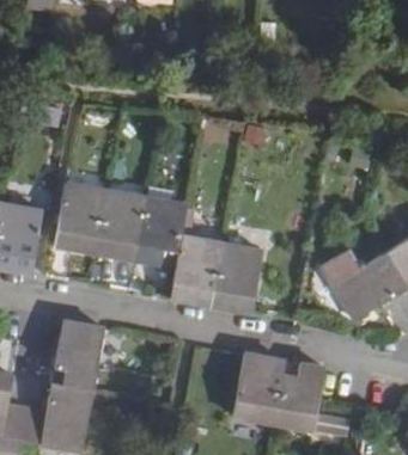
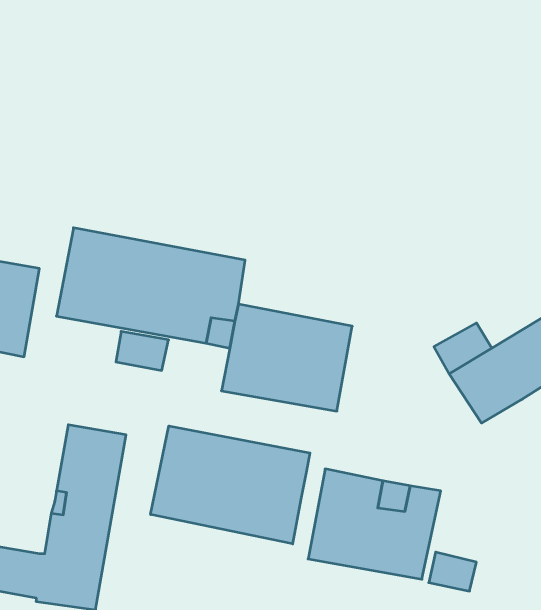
building: none -> [151,426,310,544]

